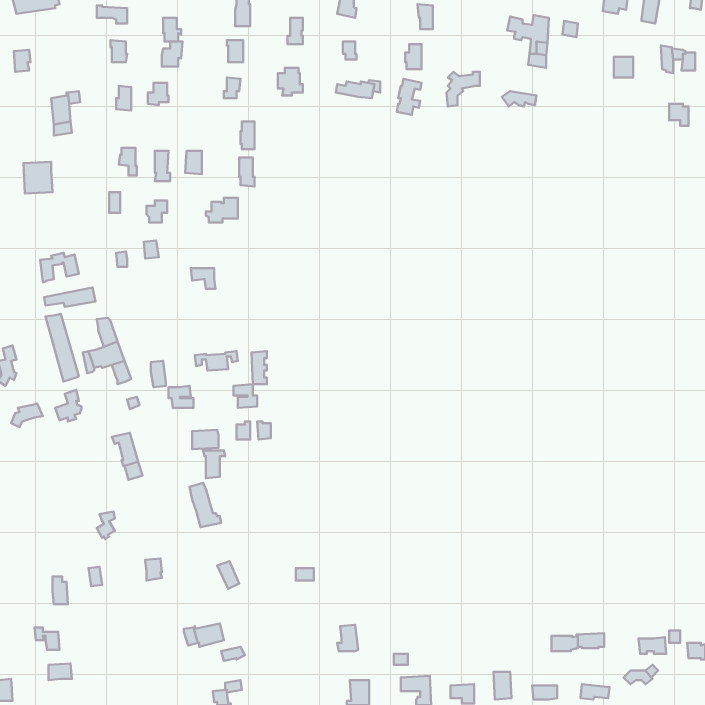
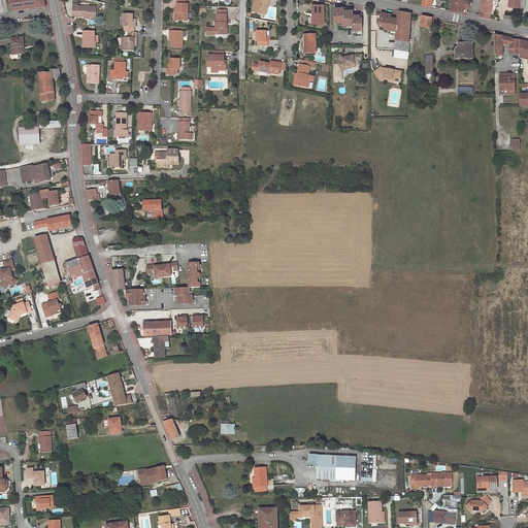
building: none -> [334,6,361,32]
building: none -> [20,164,50,182]
building: [189,483,221,527] -> [107,372,131,405]
building: none -> [308,454,356,474]

